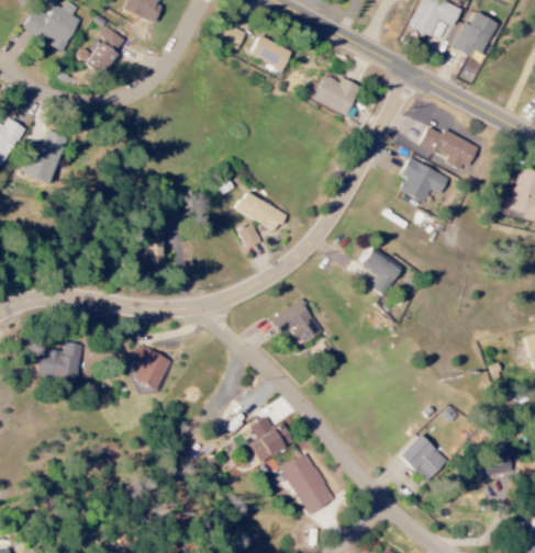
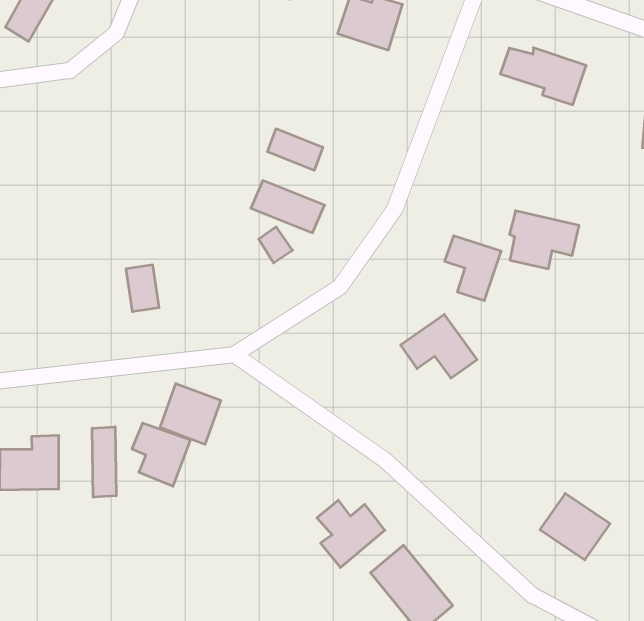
building: none -> [268,129,323,170]
building: [400,159,450,202] -> [509,211,579,269]
building: [270,301,321,345] -> [401,314,477,378]
building: none -> [160,383,221,444]
building: none -> [92,427,116,497]

